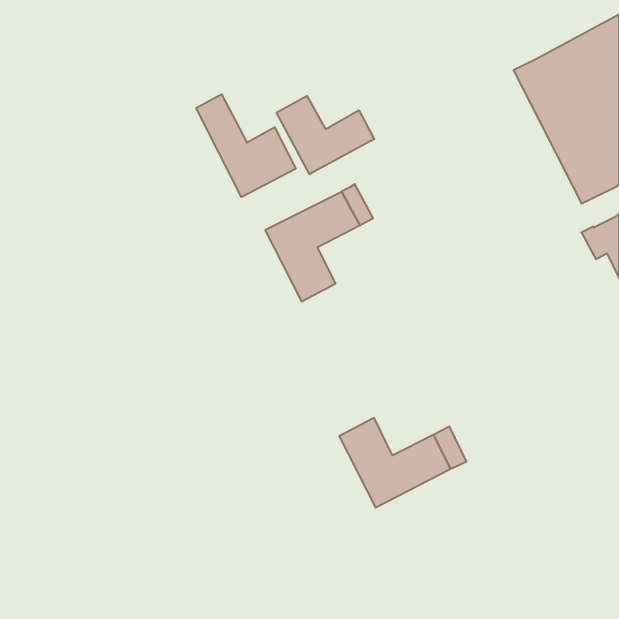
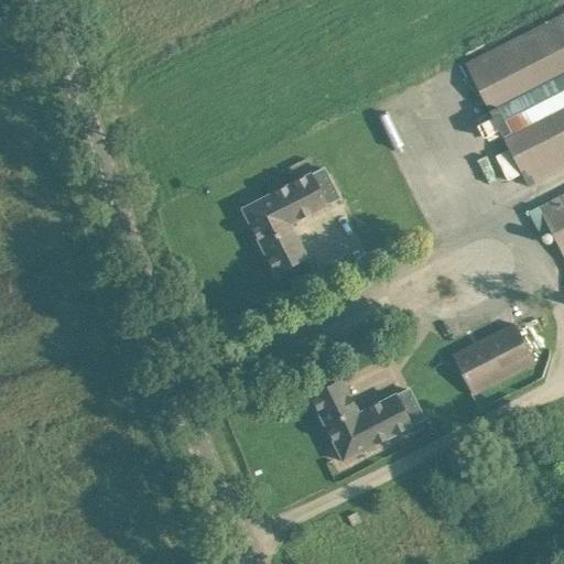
building: [196,94,296,197] -> none
building: [277,96,374,174] -> none
building: none -> [455,324,535,394]

